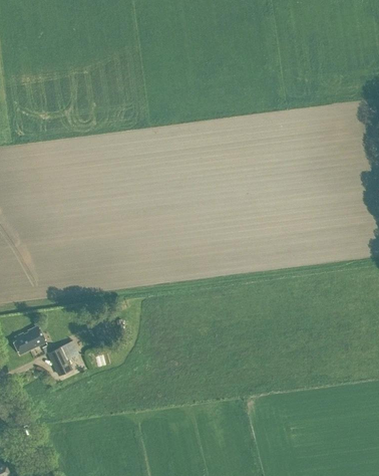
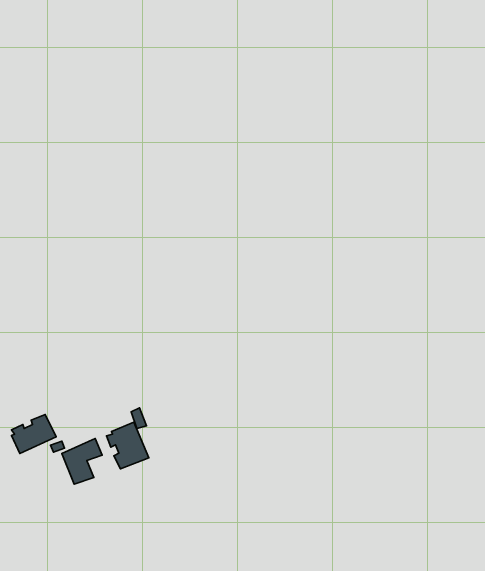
building: none -> [107,422,149,469]

